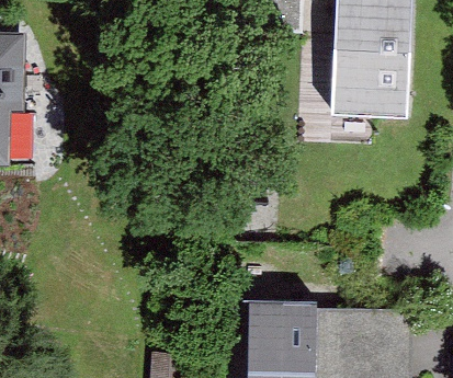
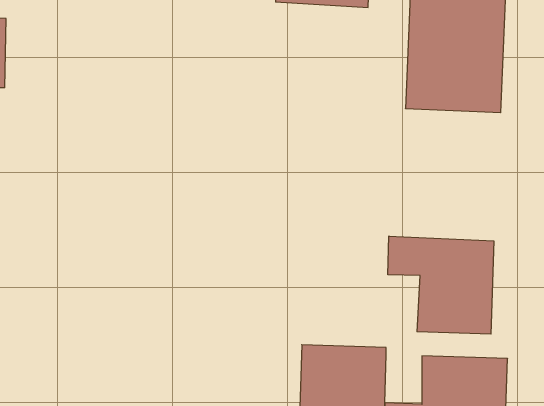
building: none -> [388,236,494,334]

